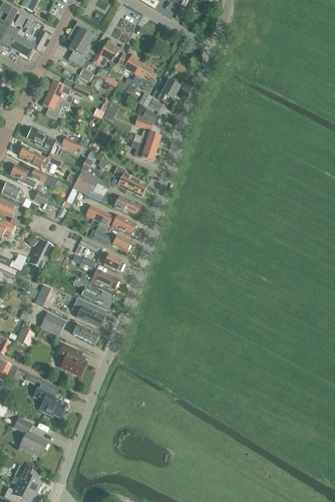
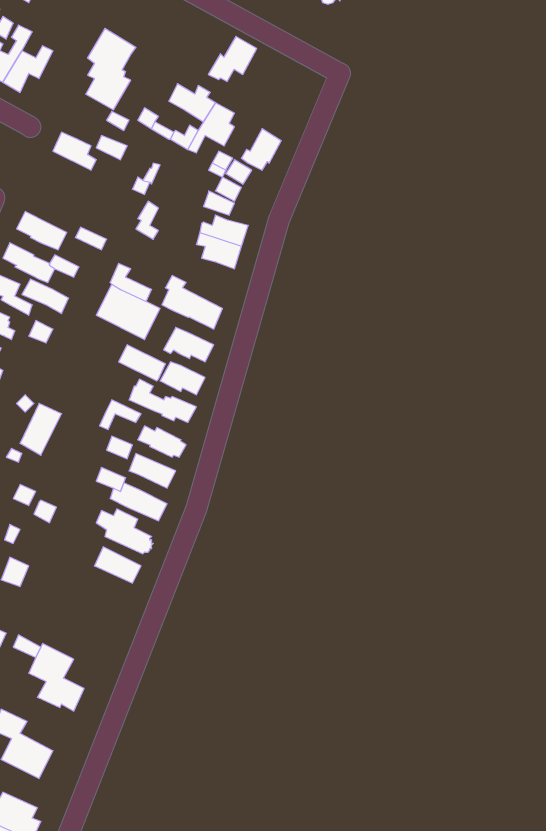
building: [91,40,119,66] -> [208,36,257,81]
building: [41,92,69,119] -> none
building: [39,309,64,335] -> none
building: [57,343,85,375] -> none

